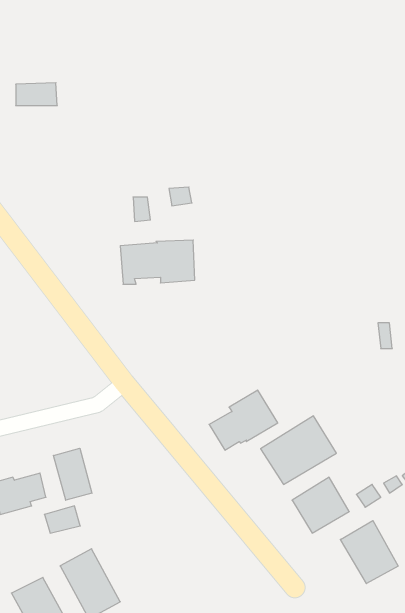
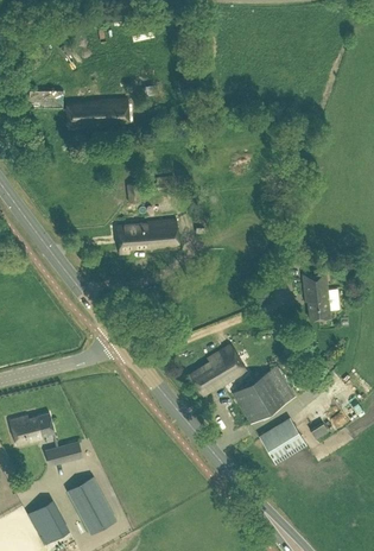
building: none -> [66,99,128,129]
building: none -> [302,273,329,319]
building: [53,448,92,500] -> none
building: [340,521,398,584] -> none

